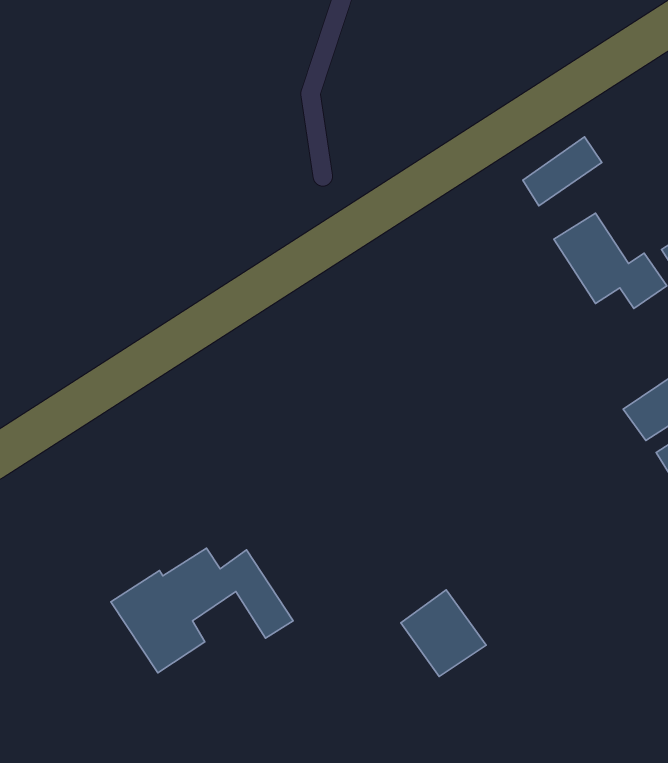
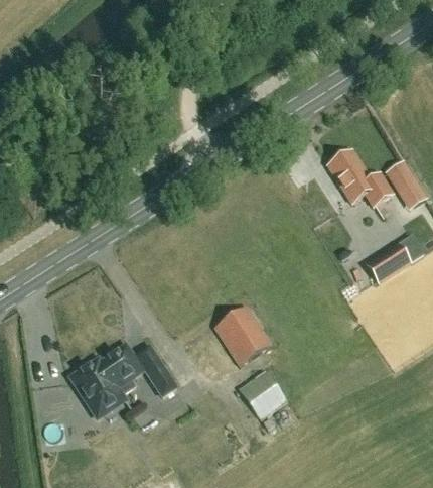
building: [523,137,602,206] -> none
building: none -> [213,304,271,365]

